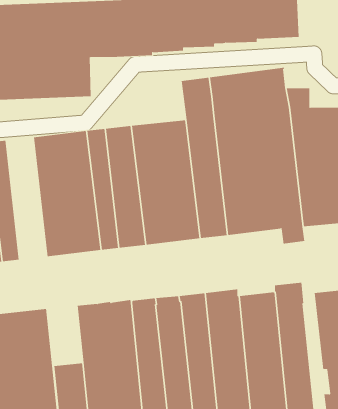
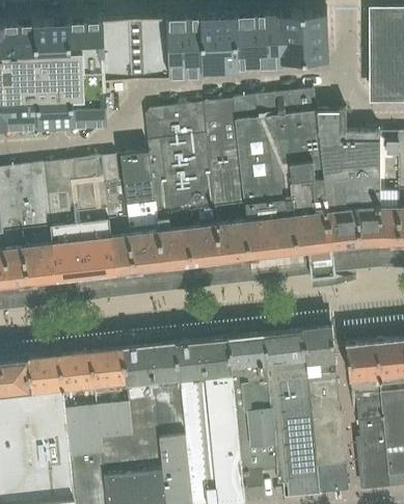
building: none -> [144,105,207,153]
building: none -> [15,165,58,296]
building: none -> [58,345,97,409]

